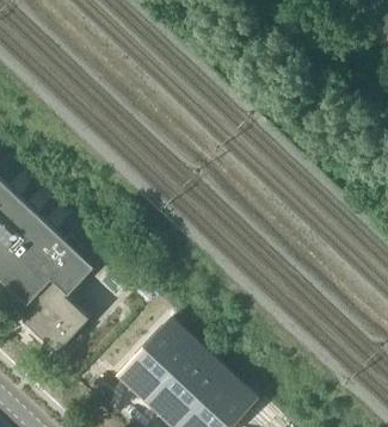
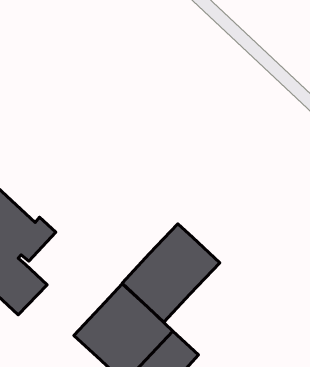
building: none -> [122,224,220,322]

